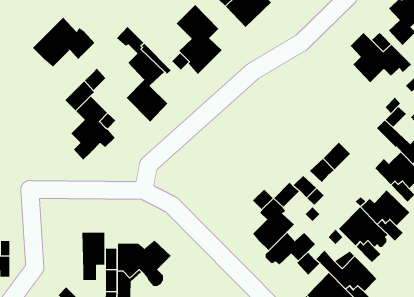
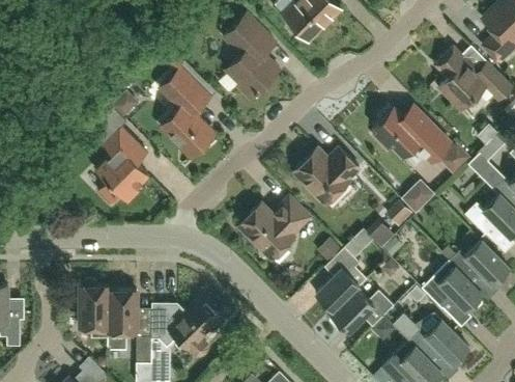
building: [32,17,95,67] -> none
building: none -> [372,103,450,162]
building: none -> [440,143,475,176]
building: none -> [293,146,359,203]
building: none -> [239,195,310,257]
building: none -> [82,279,110,338]

